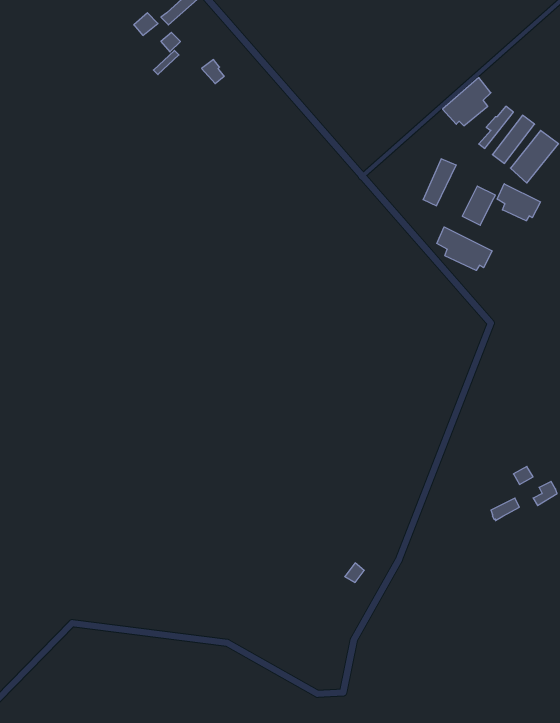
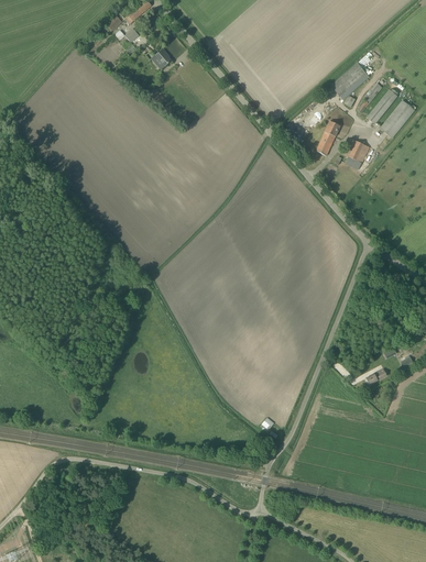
building: [497,184,540,221] -> none
building: [437,227,492,270] -> none

